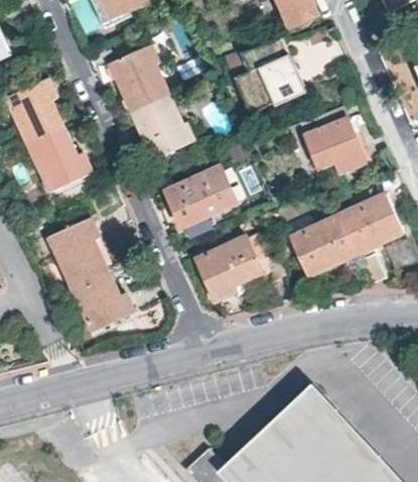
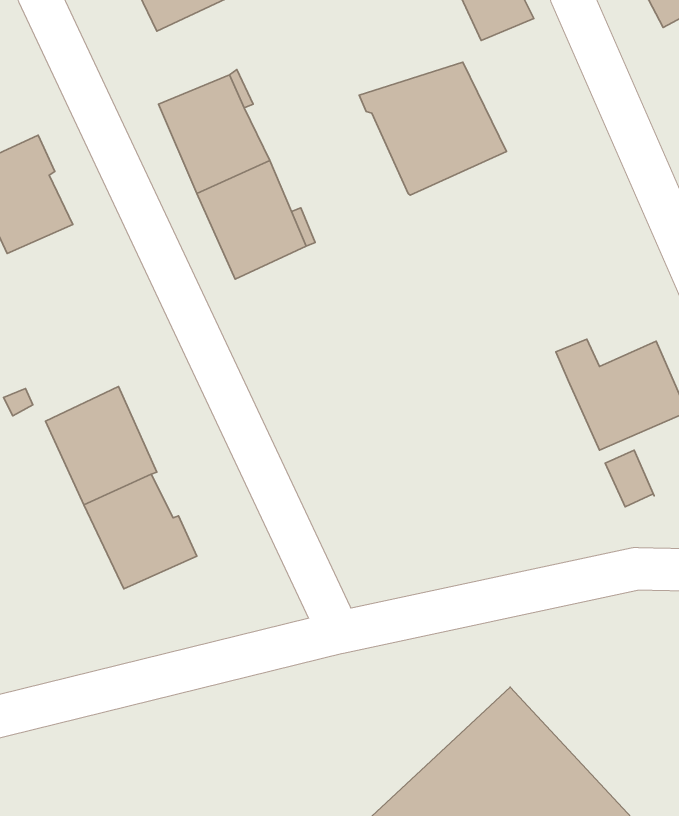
building: [297,106,365,172] -> none
building: [27,129,89,194] -> none
building: [164,165,240,228] -> none
building: [289,216,355,276] -> none
building: [196,230,285,298] -> none

